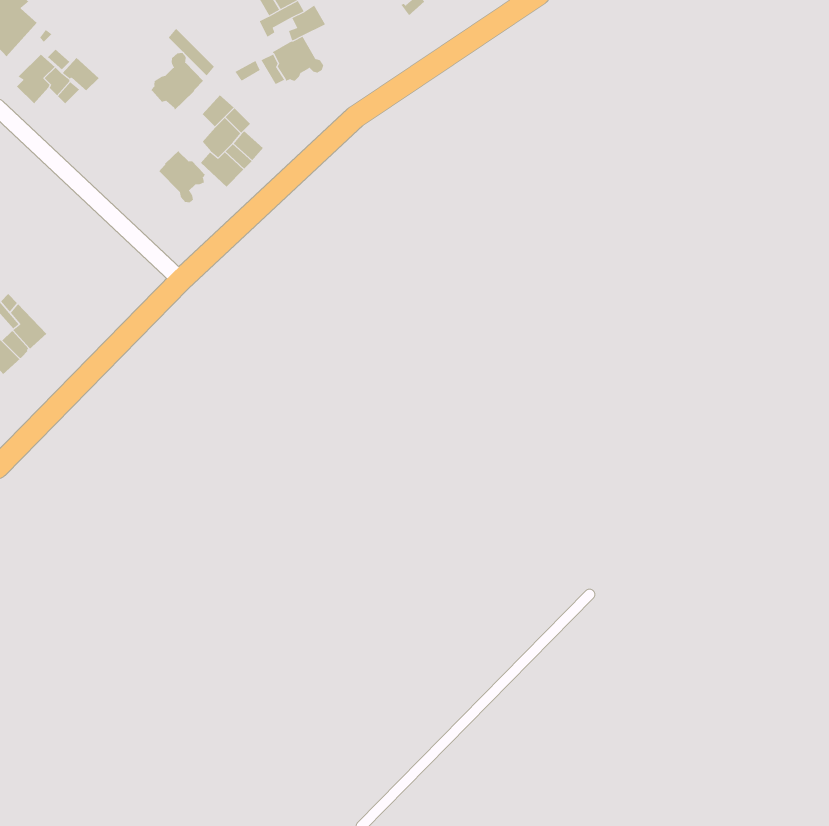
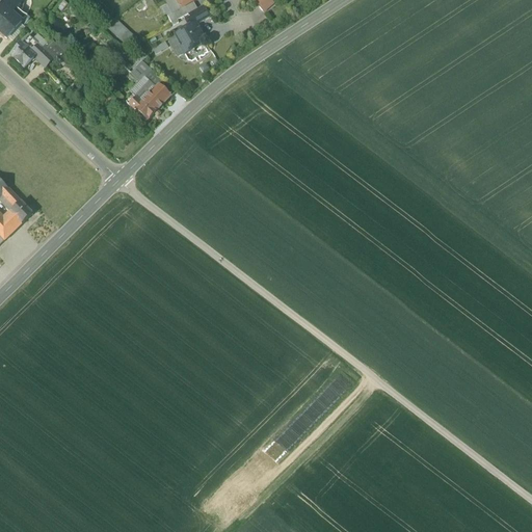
building: [150,52,204,111] -> none
building: [159,150,206,203] -> none

